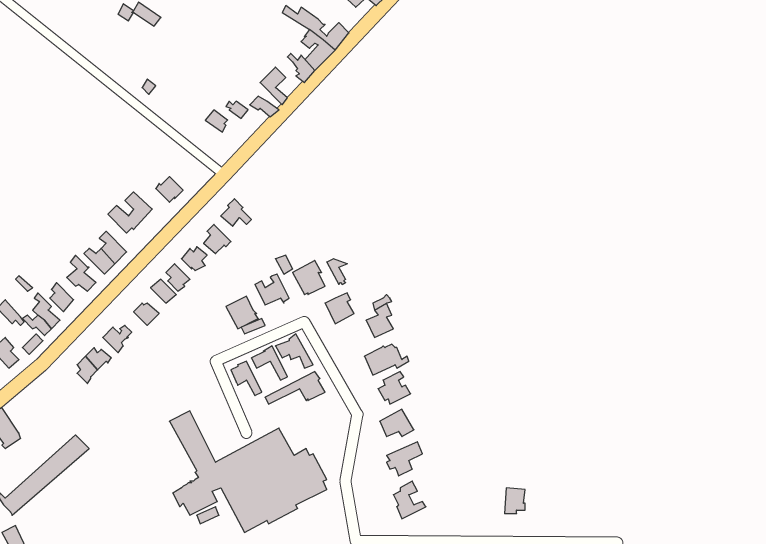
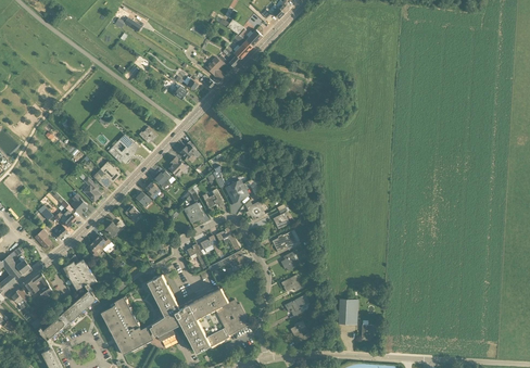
building: none -> [62,258,96,291]
building: none -> [100,295,152,354]
building: none -> [337,297,357,323]

